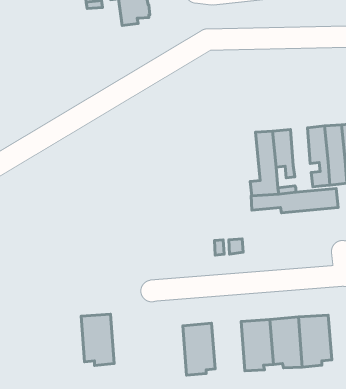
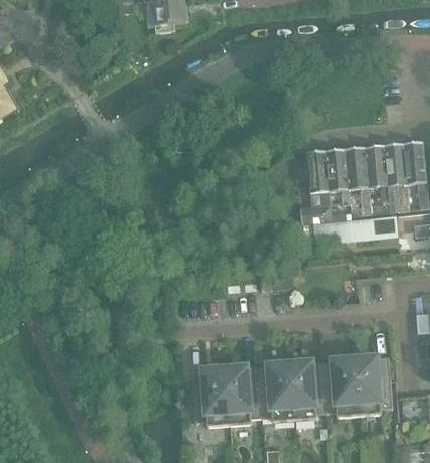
building: none -> [344,145,370,211]
building: [81,314,114,365] -> [190,367,228,425]
building: none -> [256,362,293,420]

